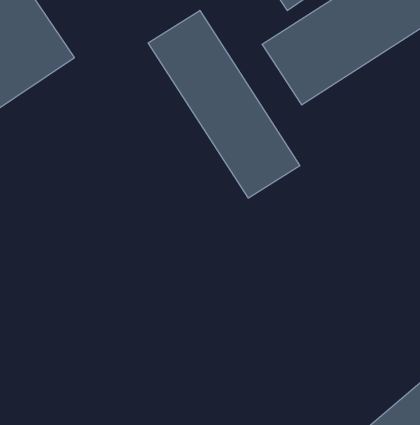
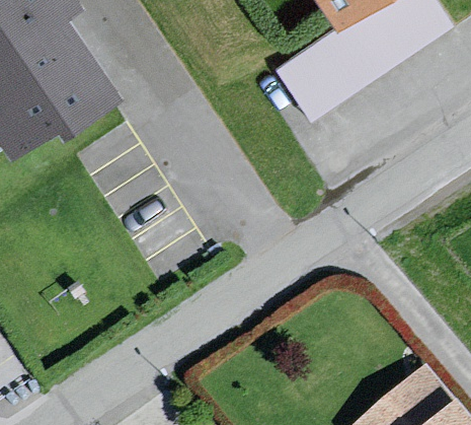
building: [148,10,300,198] -> none

